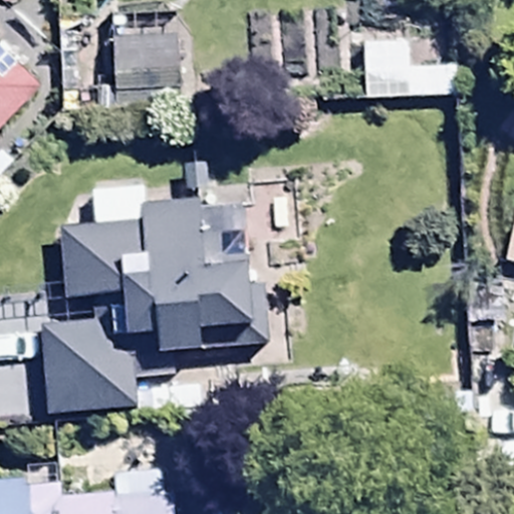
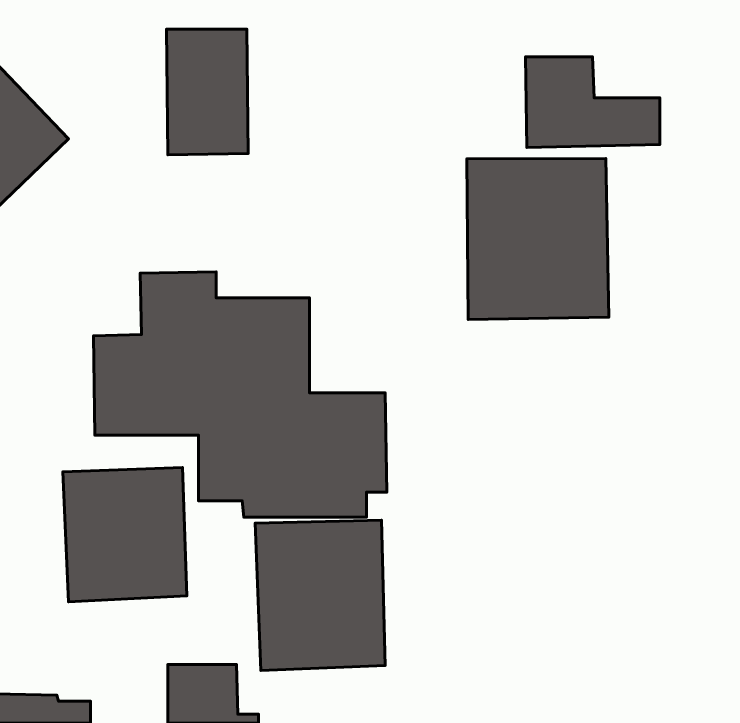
building: none -> [467,159,609,320]
building: none -> [255,520,385,671]

